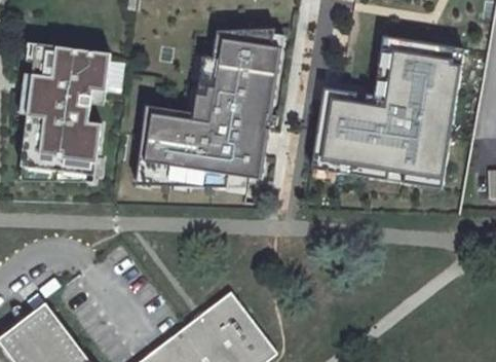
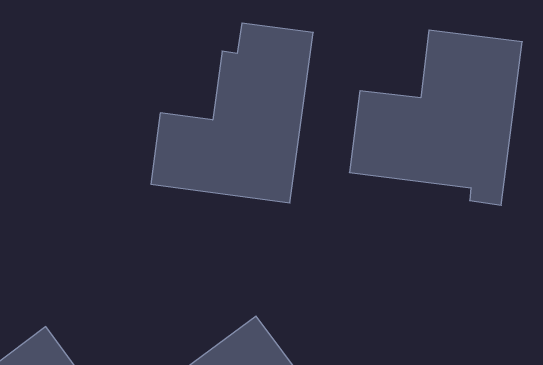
building: [20,47,103,177] -> none

